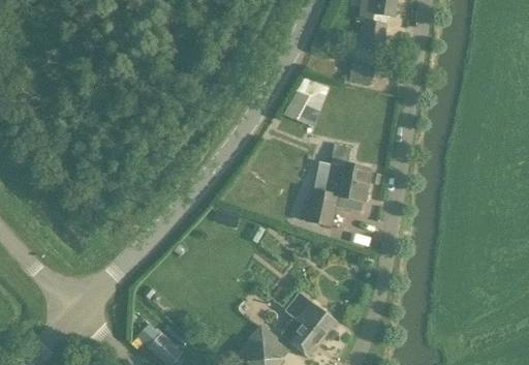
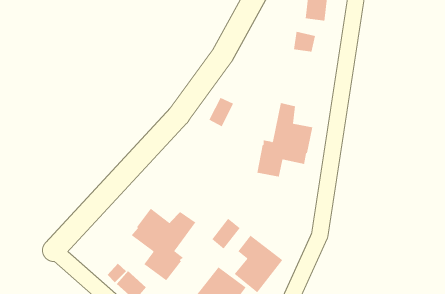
building: [283,88,312,122] -> [208,97,234,127]
building: none -> [131,208,196,281]
building: none -> [211,218,240,250]

